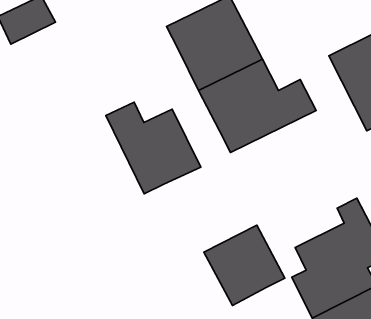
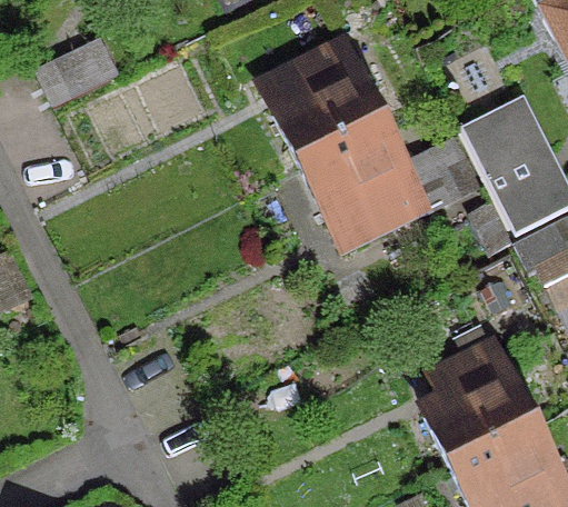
building: [106,102,201,194] -> none
building: [204,225,285,306] -> none

